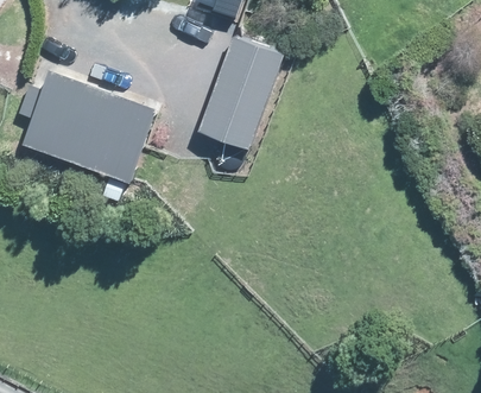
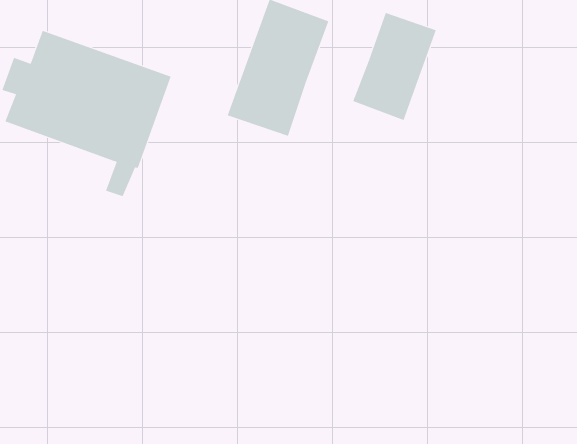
building: none -> [353,12,436,121]

